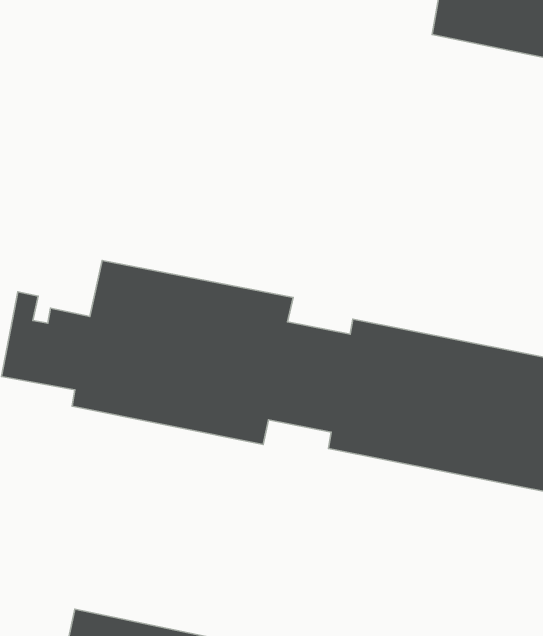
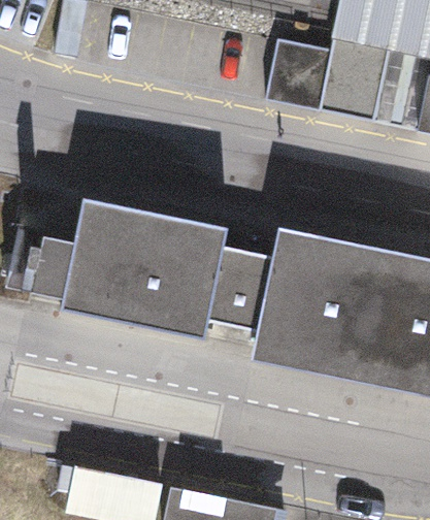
building: none -> [271,29,398,123]

